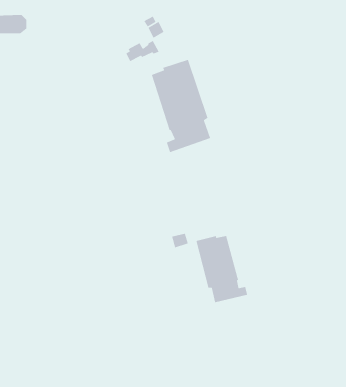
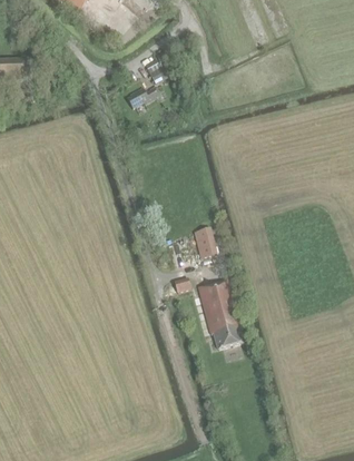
building: [151,59,211,153] -> none
building: none -> [194,228,216,258]

